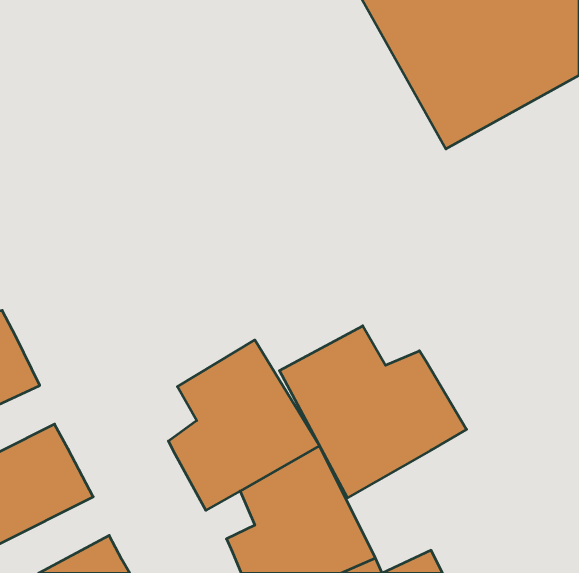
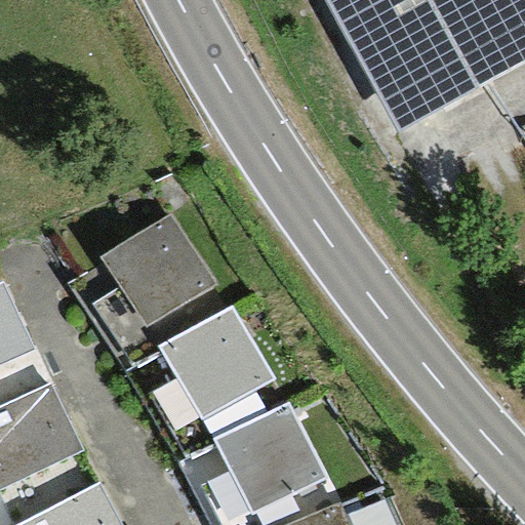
building: none -> [91,211,230,366]
building: [279,326,467,498] -> none

